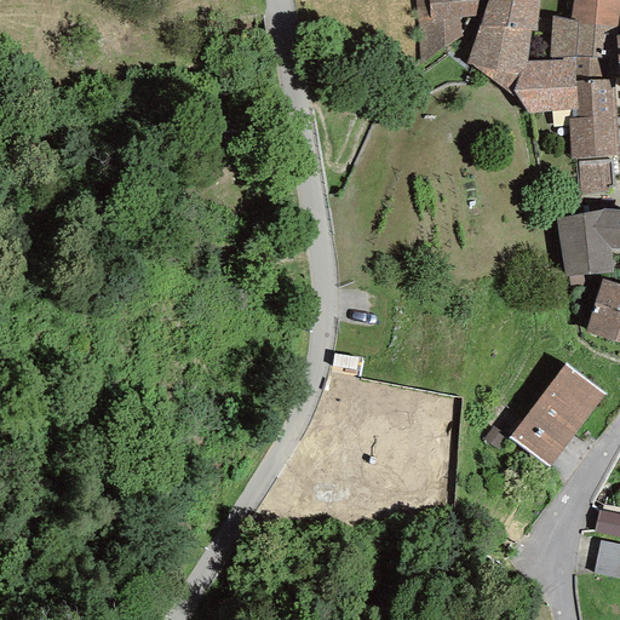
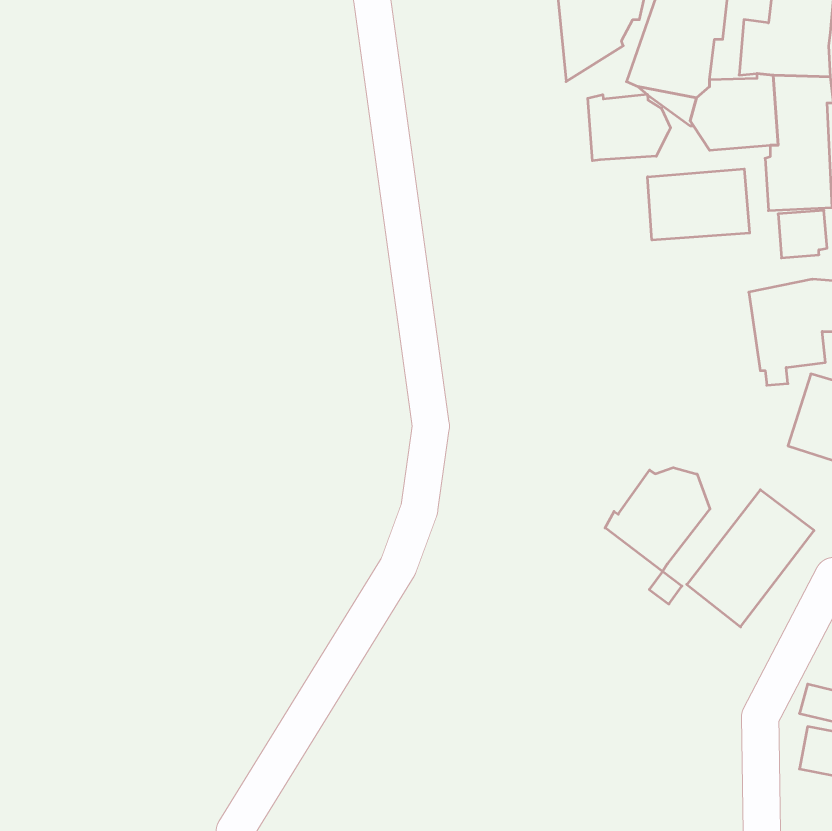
building: none -> [588,94,671,161]
building: none -> [648,169,750,240]
building: none -> [605,468,710,571]

